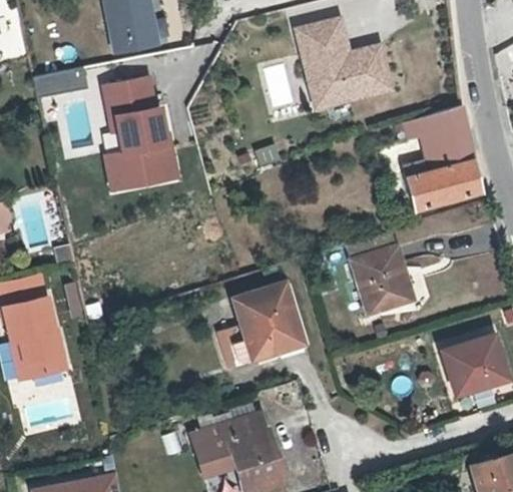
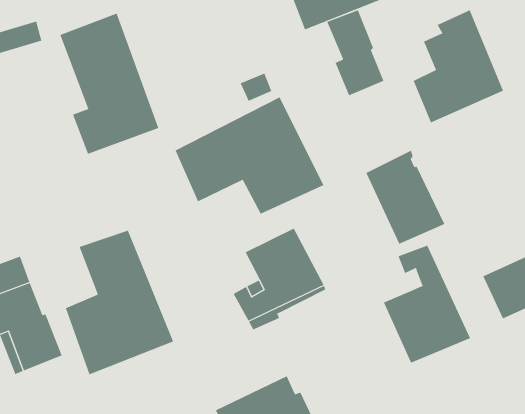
building: none -> [327,9,384,96]
building: none -> [175,97,324,214]
building: none -> [65,230,174,375]
building: none -> [383,245,471,363]

